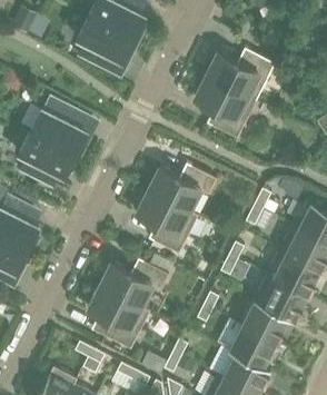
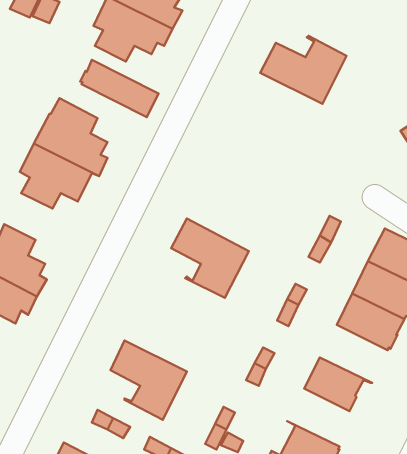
building: none -> [80,60,159,117]
building: [196,76,256,137] -> none
building: [149,162,217,216] -> none
building: [100,258,168,310] -> none
building: [254,274,307,319] -> none
building: [228,324,277,369] -> none

